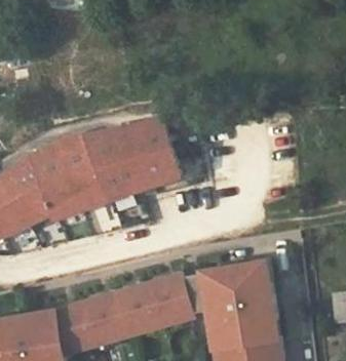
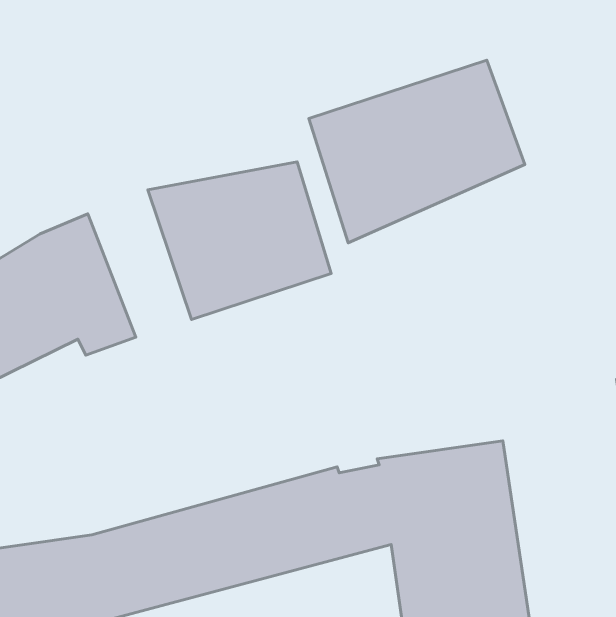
building: none -> [309,60,525,243]
building: [53,132,107,208] -> none

